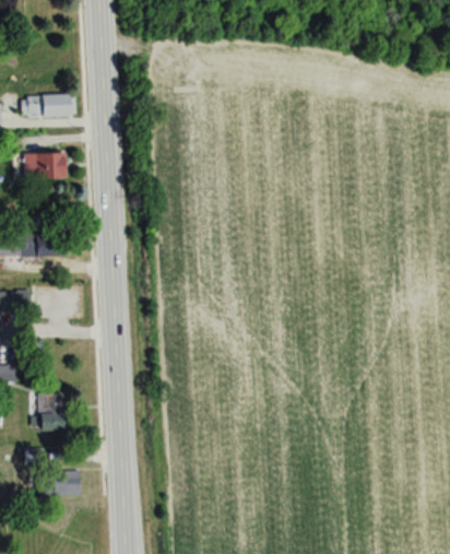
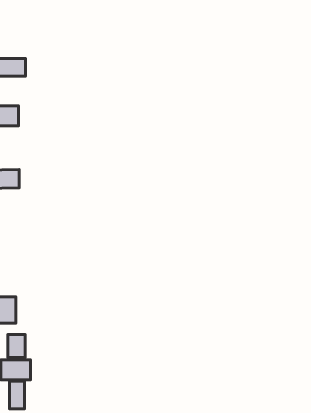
building: none -> [8,334,25,357]
building: none -> [10,381,25,409]

